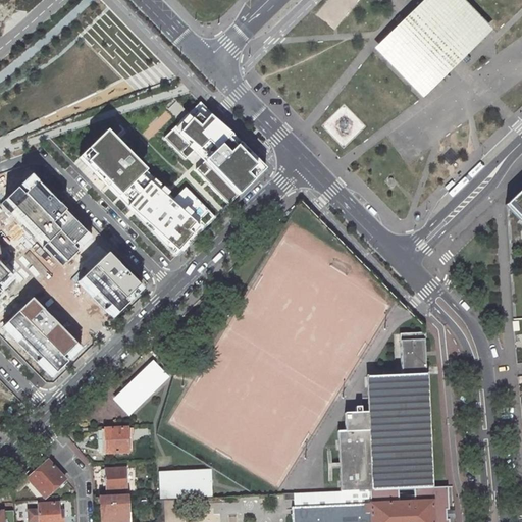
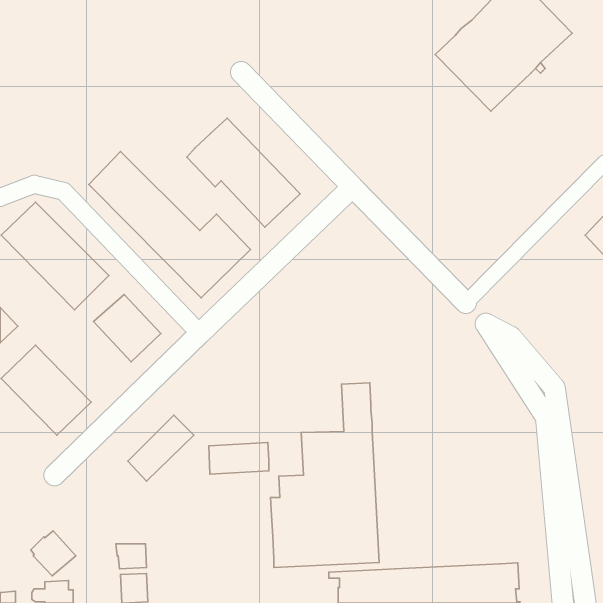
building: [338,331,432,490] -> [270,383,379,567]
building: [104,428,130,452] -> none
building: [160,469,212,497] -> [209,442,269,474]

